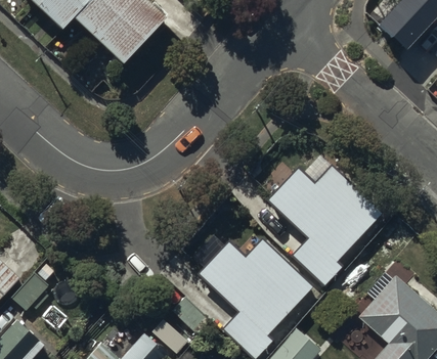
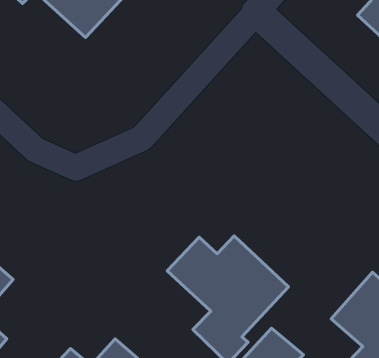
building: [265,168,382,289] -> none

